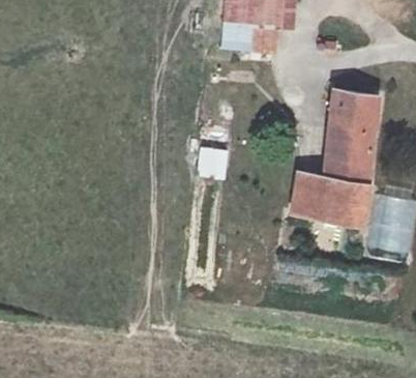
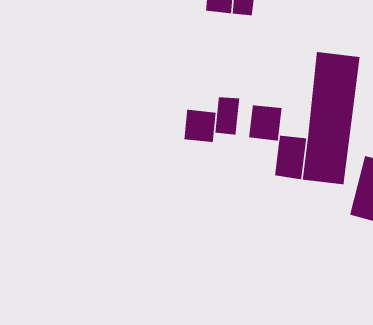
building: none -> [214,96,240,136]
building: none -> [248,104,282,142]

